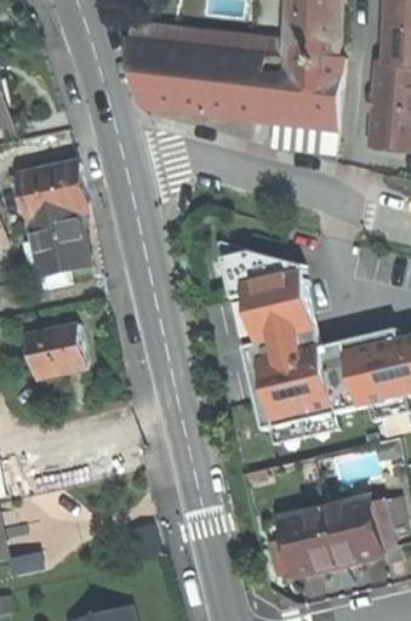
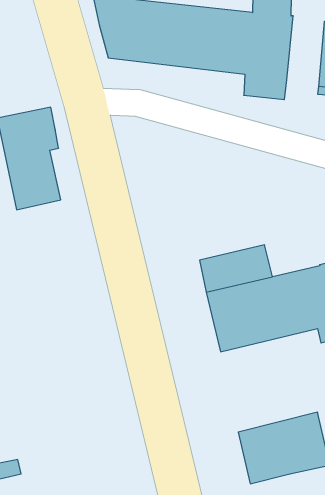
building: [219,251,310,329] -> none
building: [25,319,86,378] -> none

